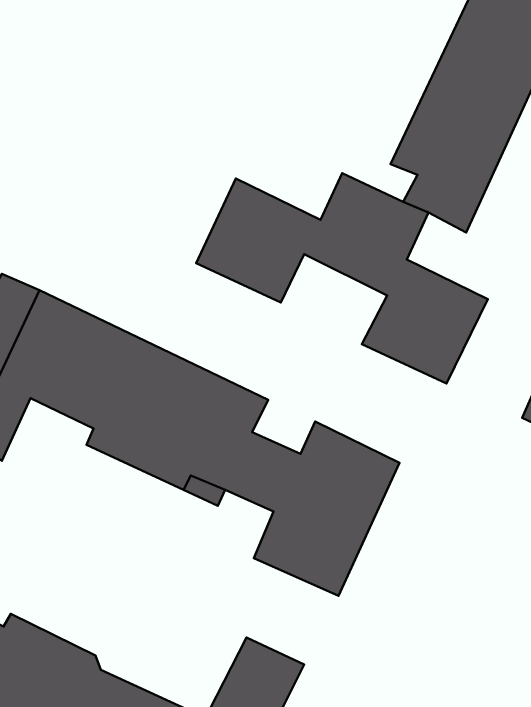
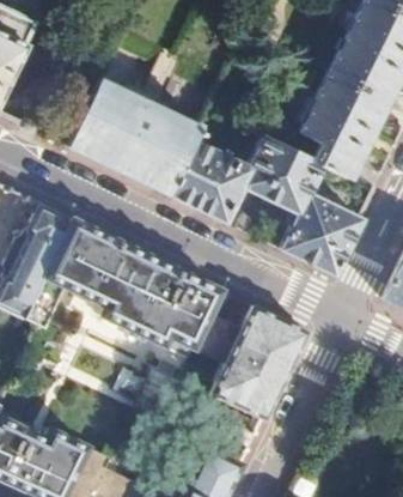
building: none -> [69,79,203,198]

